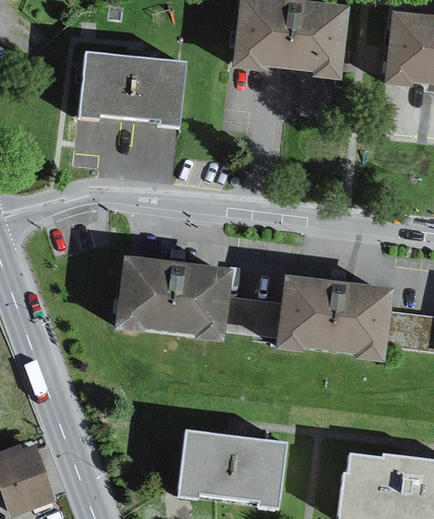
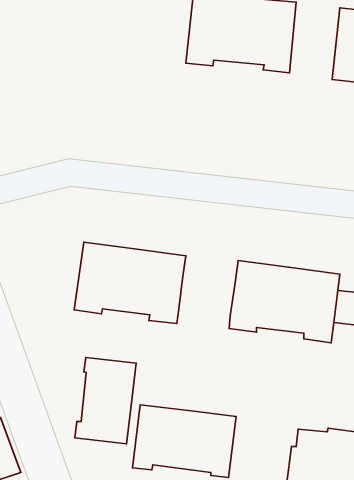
building: [79,52,185,125] -> none
building: [225,293,284,335] -> none
building: none -> [75,357,136,444]

